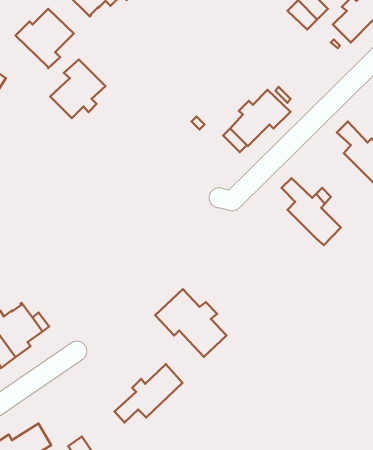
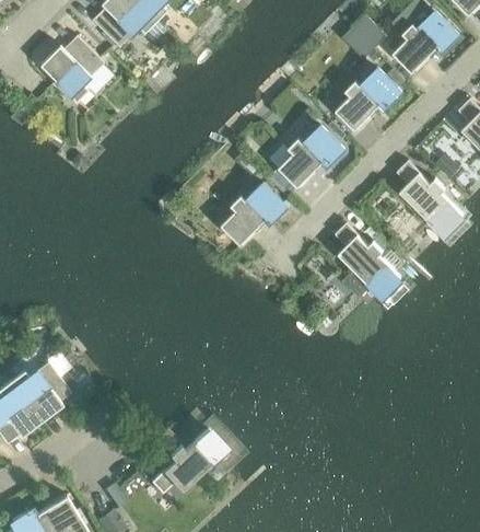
building: none -> [335,68,401,129]
building: [50,59,106,118] -> none
building: none -> [220,182,286,244]
building: [155,289,227,357] -> none

